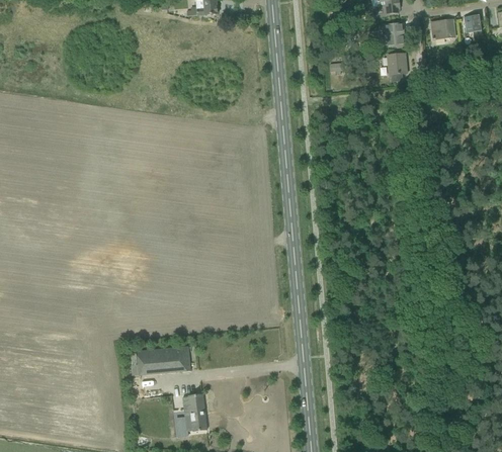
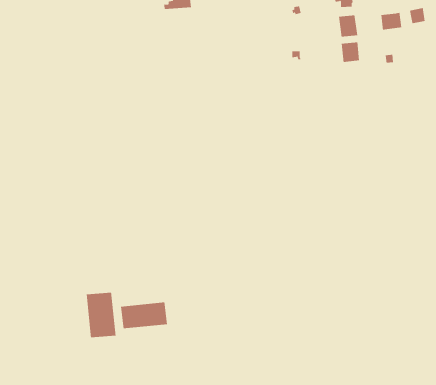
building: none -> [86,292,116,338]
building: [182,392,206,430] -> none

